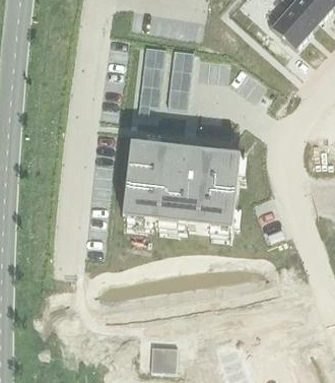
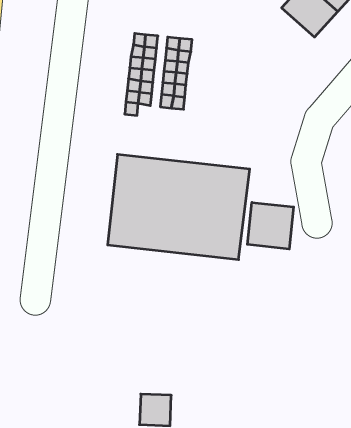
building: none -> [247,202,294,249]

